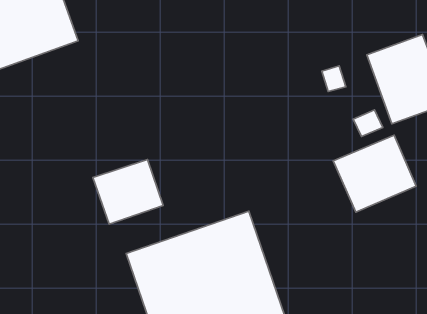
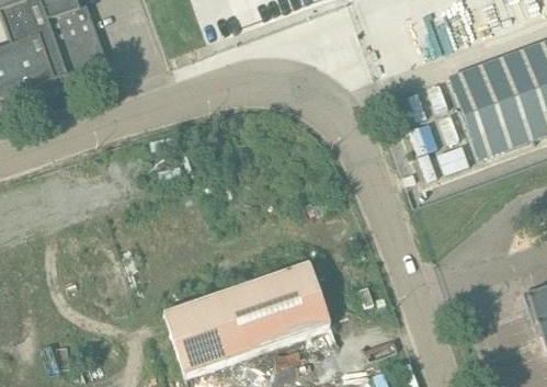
building: [333,135,416,212] -> none
building: [93,159,163,224] -> none

